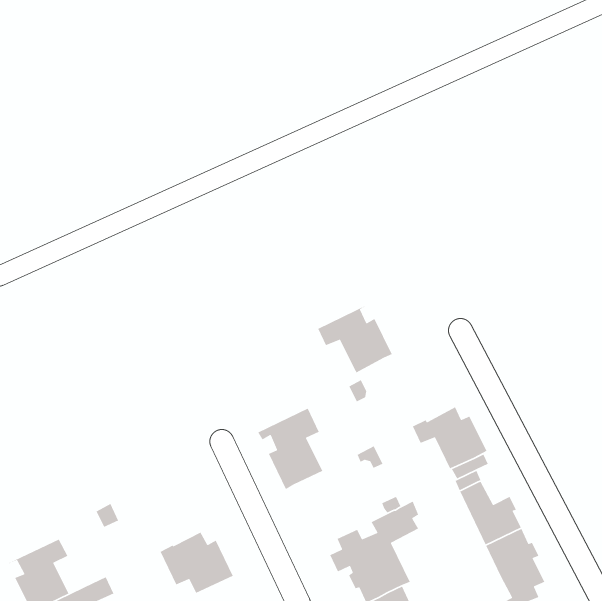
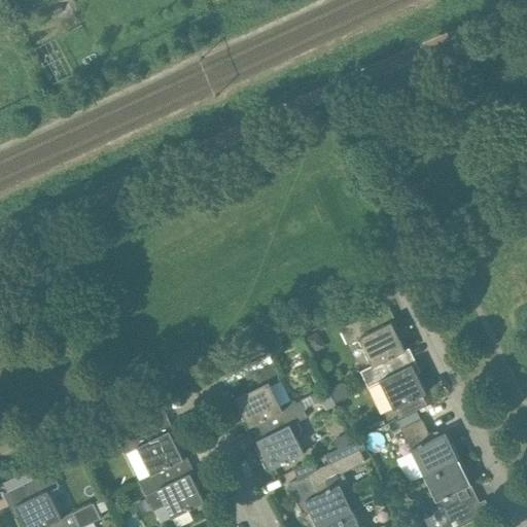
building: [317,304,393,373] -> [339,309,405,370]
building: none -> [255,403,308,471]
building: none -> [117,418,182,478]

